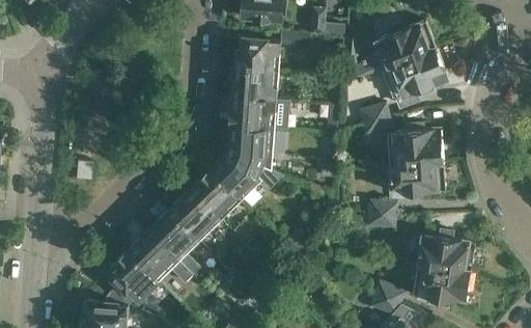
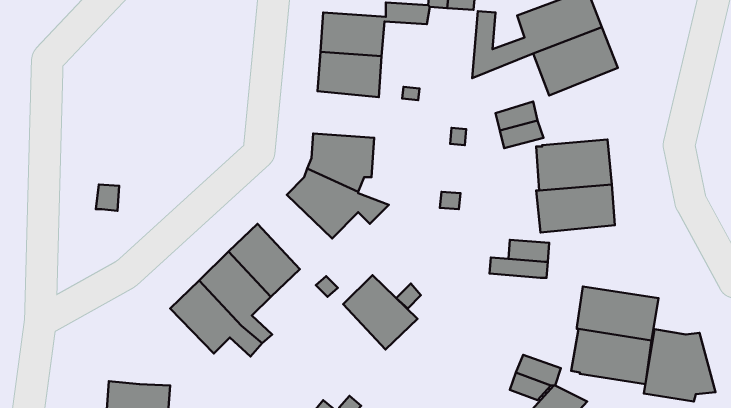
building: [229,94,289,129] -> none
building: [190,168,243,221] -> [343,275,418,349]
building: [106,249,159,304] -> none
building: none -> [644,329,715,402]

